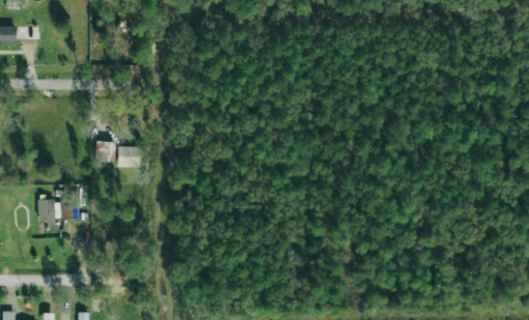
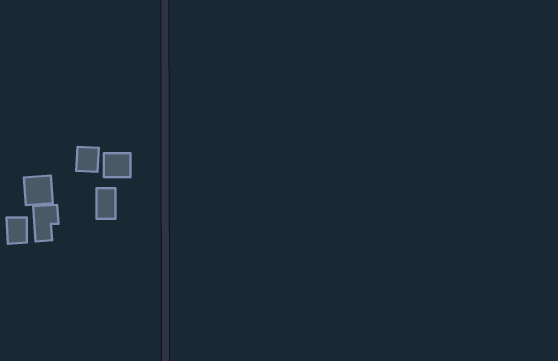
building: none -> [24,176,53,205]
building: none -> [97,188,115,219]

